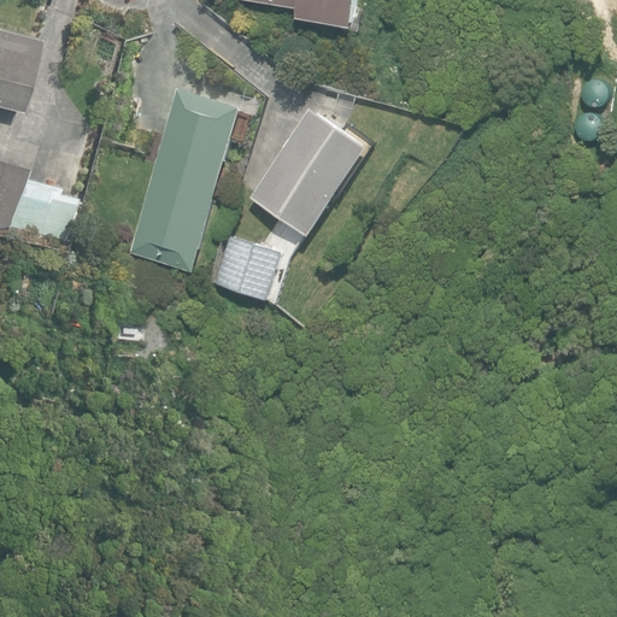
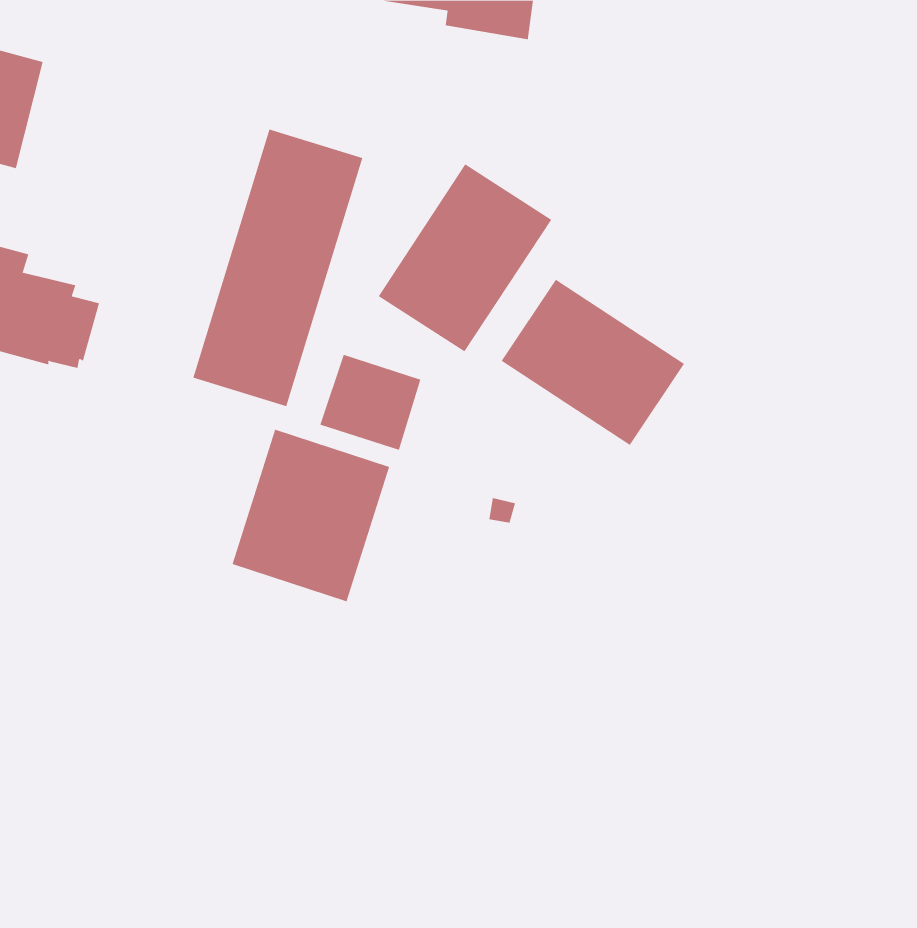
building: none -> [501,279,685,446]
building: none -> [232,429,390,602]

